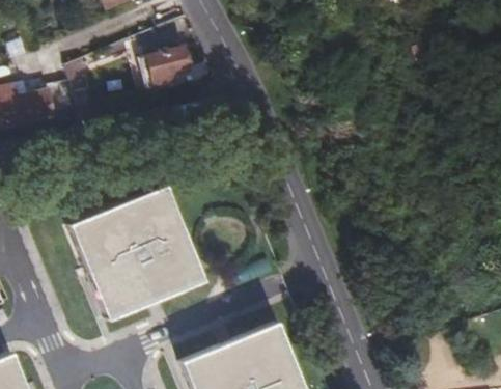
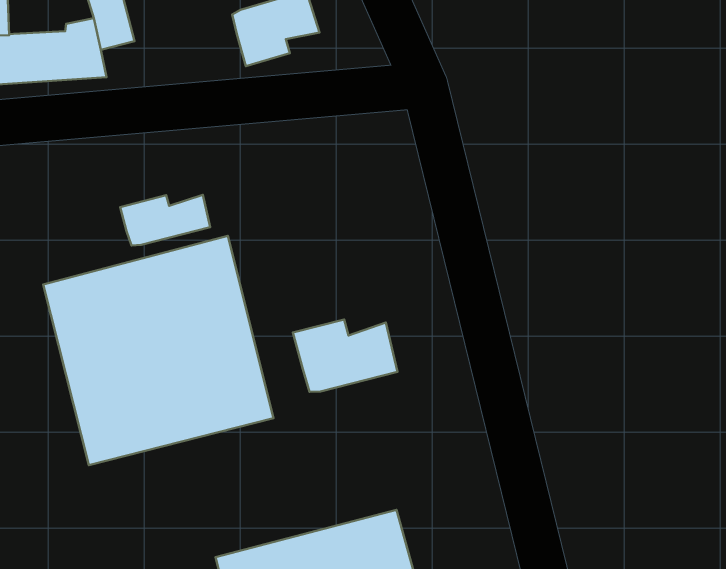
building: none -> [120,195,210,246]
building: none -> [293,319,397,392]

